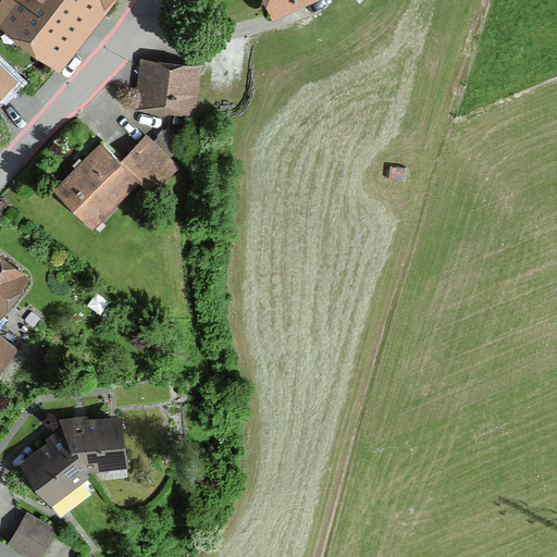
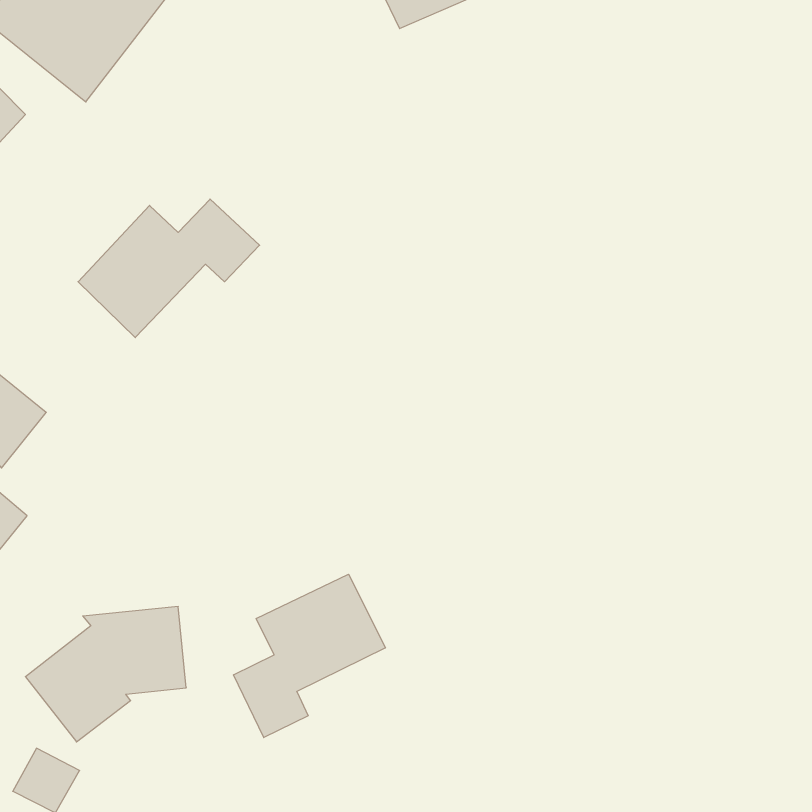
building: [134,60,199,119] -> none
building: none -> [234,574,385,738]

